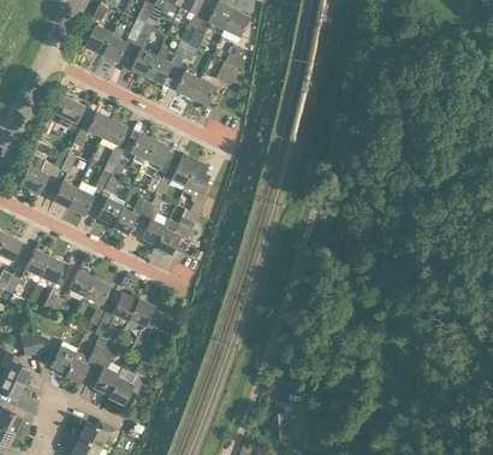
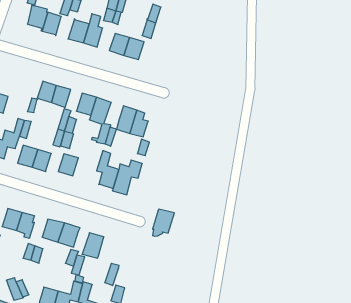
building: [55,95,84,129] -> none
building: [112,197,152,235] -> none
building: [126,297,155,327] -> [153,209,174,236]

